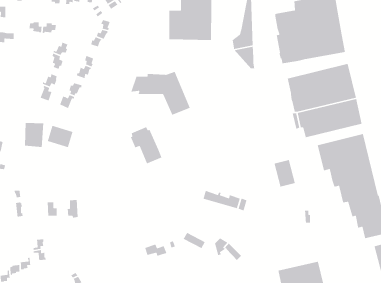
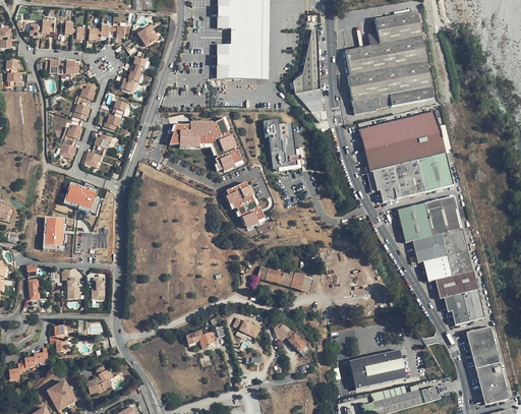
building: none -> [264,120,307,170]
building: [24,122,44,148] -> [45,219,69,250]
building: [130,126,162,165] -> [225,183,265,230]
building: [273,159,296,187] -> none

